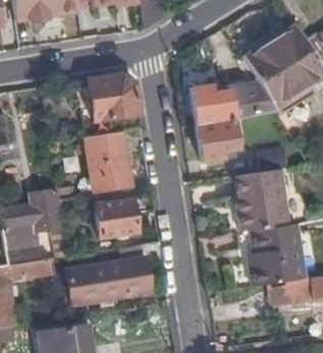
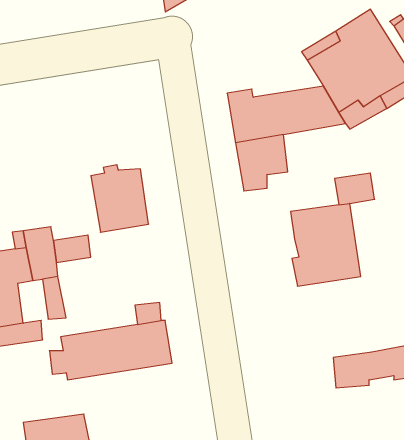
building: [88,73,143,132] -> none
building: [95,199,138,238] -> none
building: [238,224,297,287] -> none

